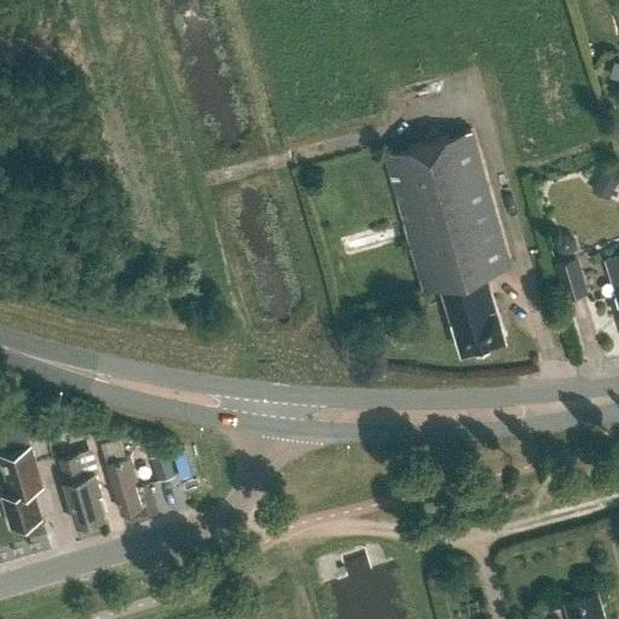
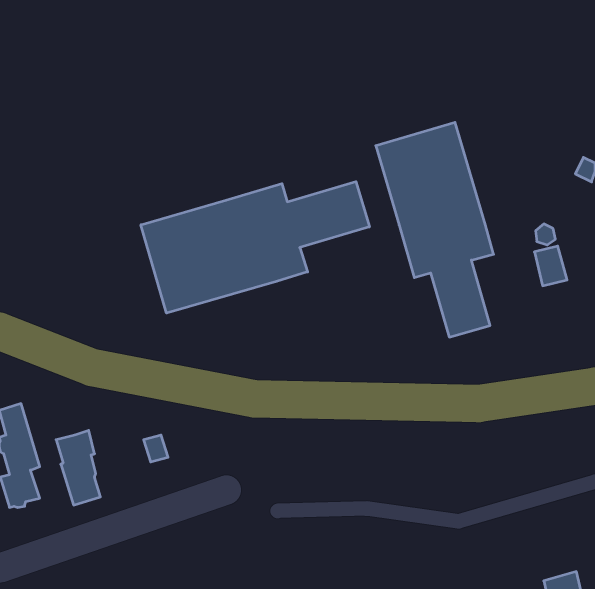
building: none -> [141,182,369,313]
building: [99,442,140,517] -> none

